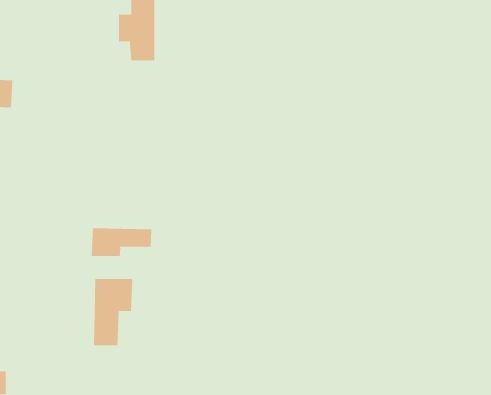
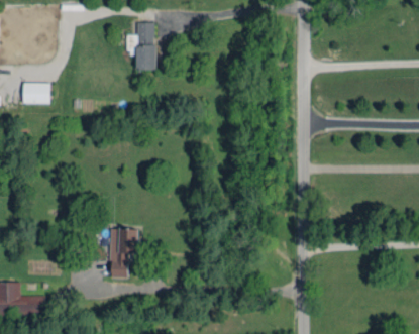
building: [91,228,152,257] -> none

